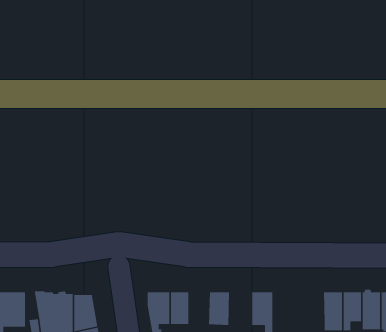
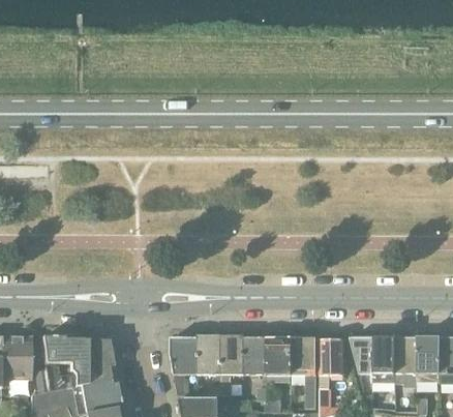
building: none -> [351,336,374,374]
building: none -> [220,338,243,377]
building: none -> [266,338,292,378]
building: none -> [320,338,343,376]

